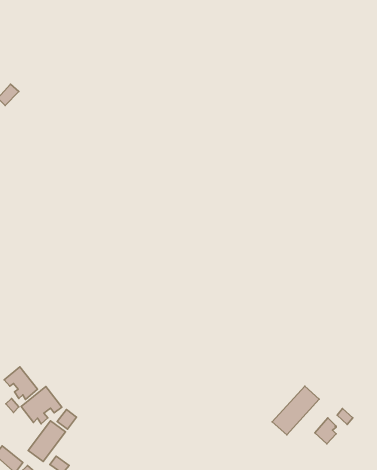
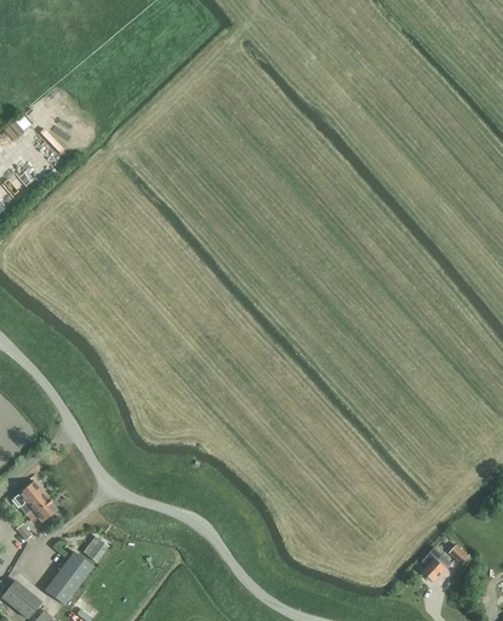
building: [272,386,319,435] -> none
building: [21,387,62,424] -> none

